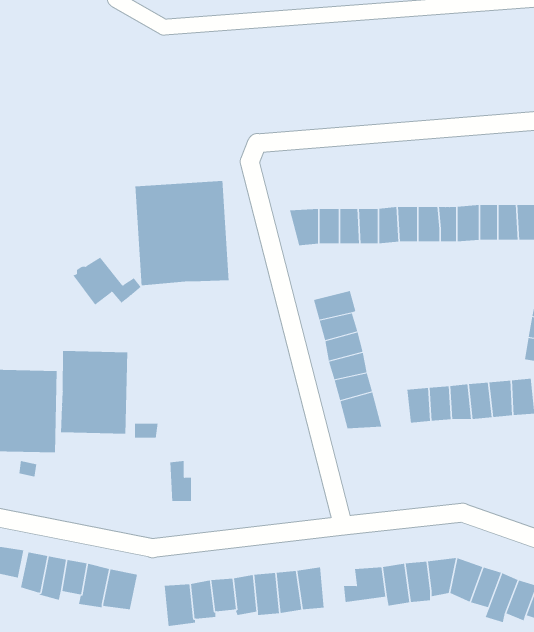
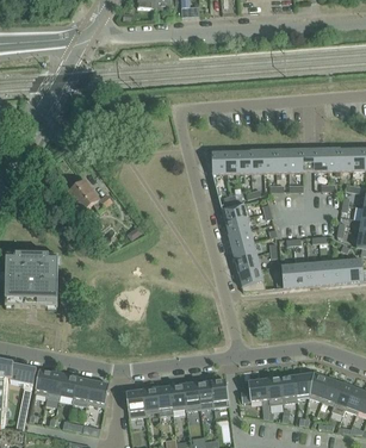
building: [135,180,229,286] -> none
building: [61,350,128,434] -> none

